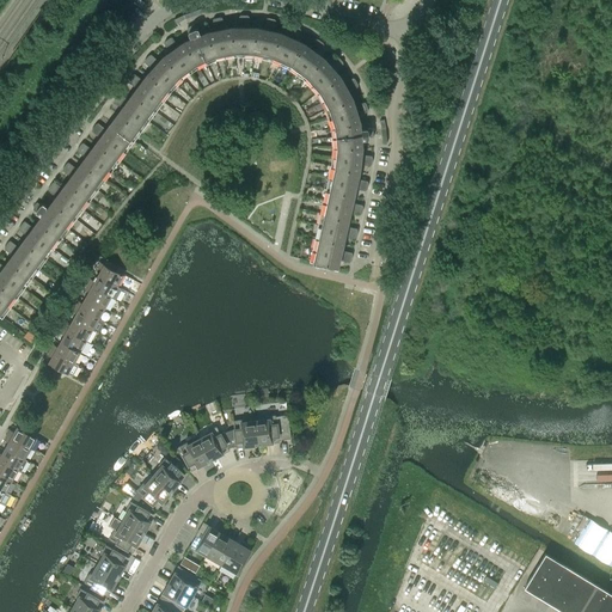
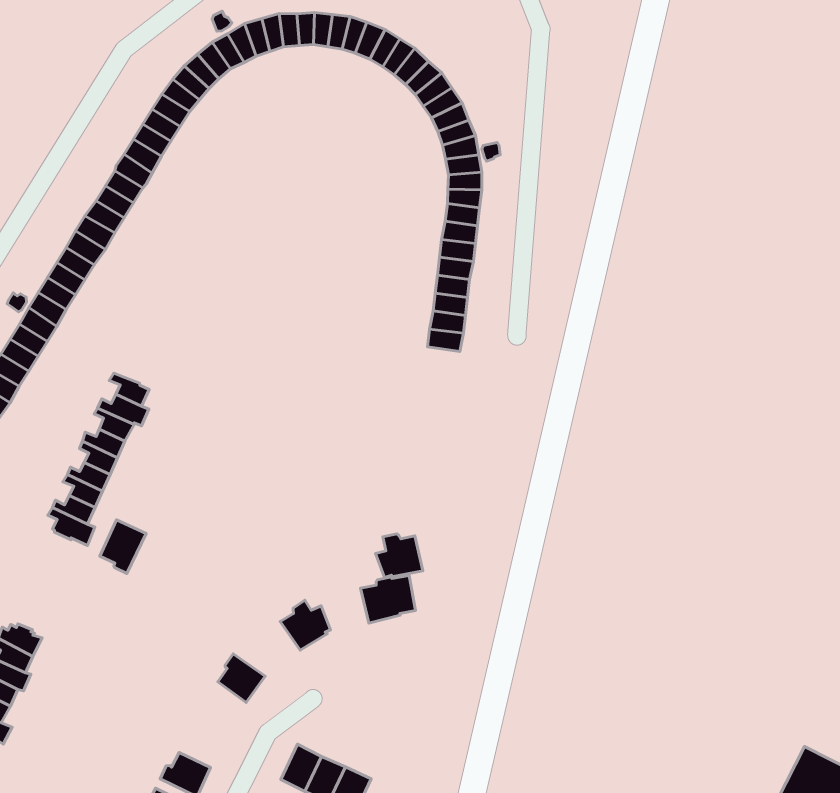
building: none -> [100,520,146,574]
building: [227,420,258,448] -> [375,534,423,577]
building: [178,440,210,471] -> none
building: [136,477,171,509] -> none
building: [123,502,154,534] -> none

